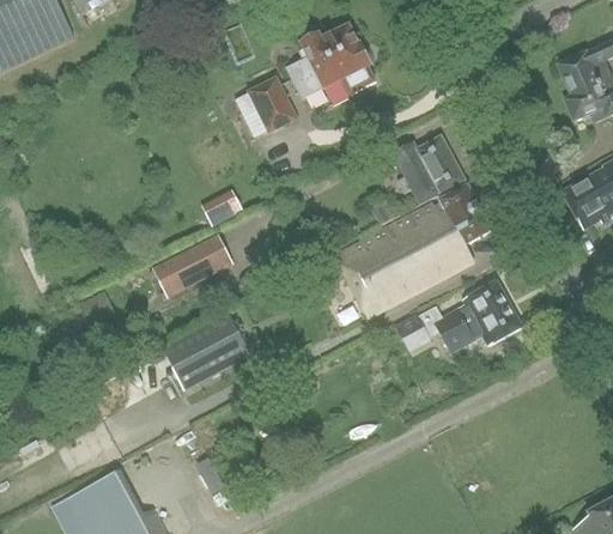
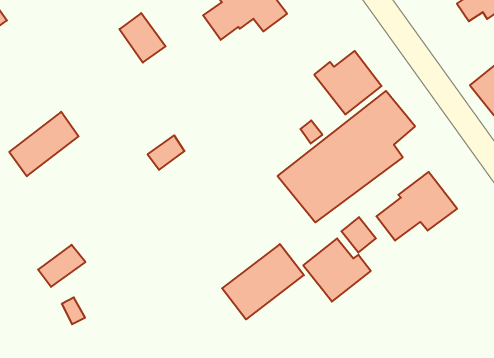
building: [248,77,295,131] -> [119,13,166,63]
building: [152,235,230,298] -> [9,112,79,176]
building: [160,312,251,388] -> [222,244,304,319]
building: none -> [303,238,371,302]

